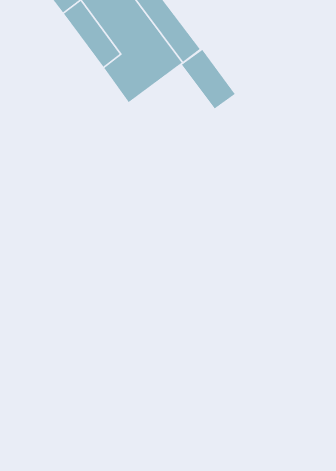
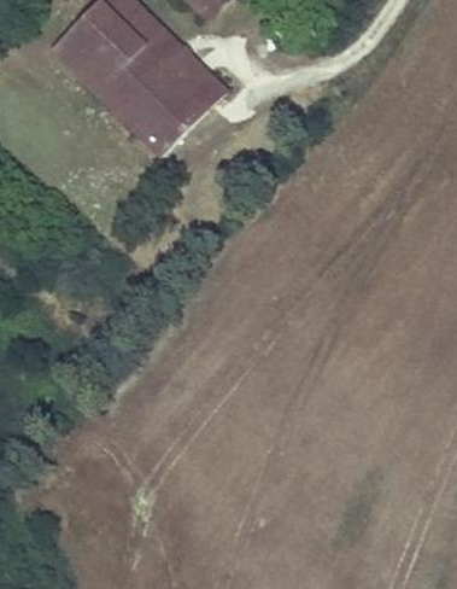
building: [181,49,236,110] -> none

